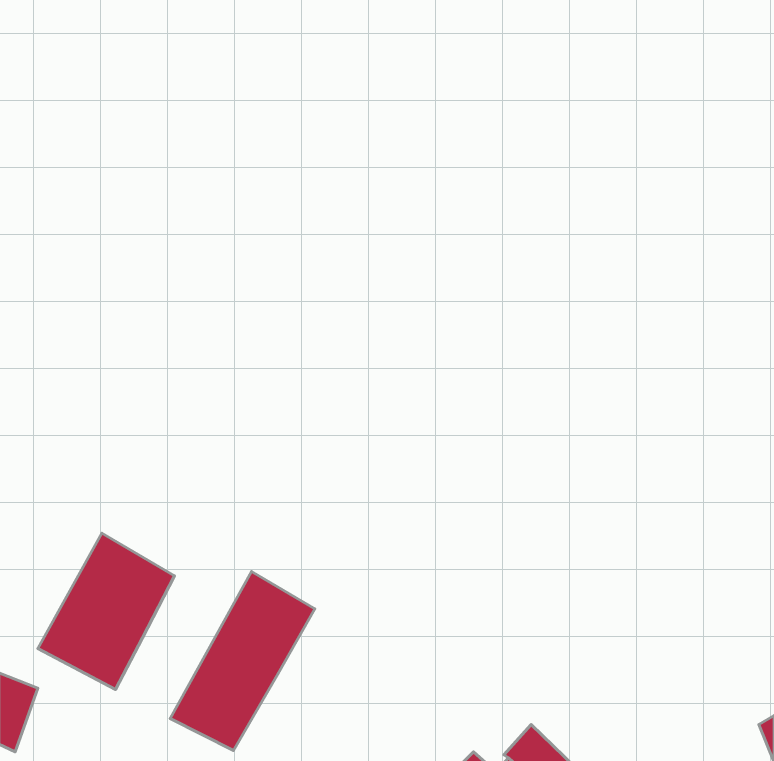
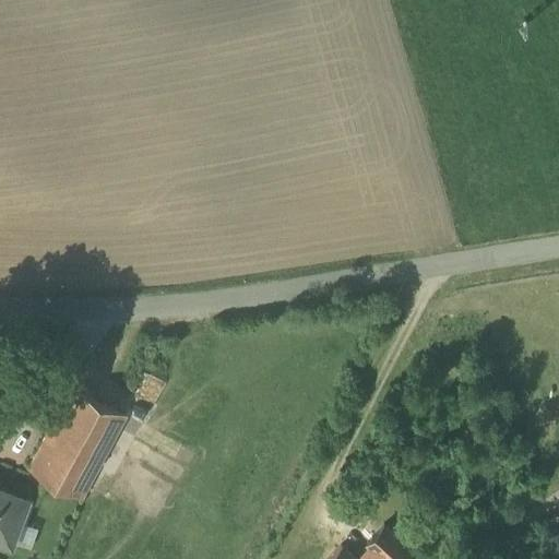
building: [170,571,315,751] -> none

